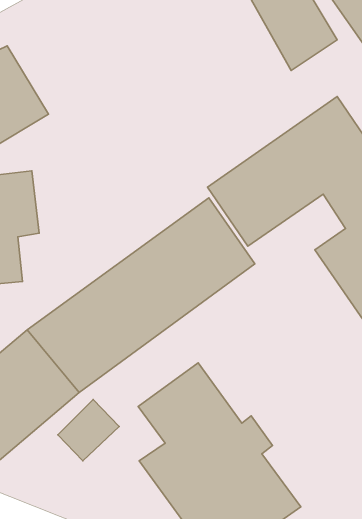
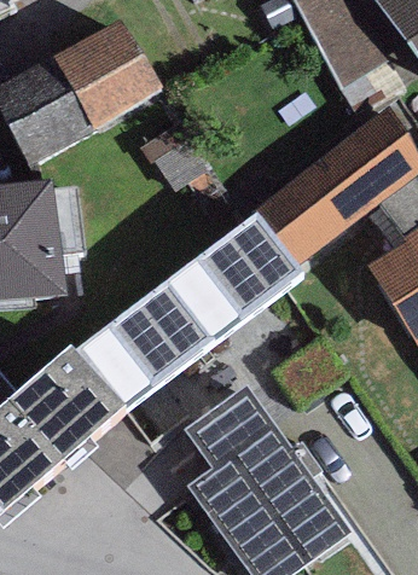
building: none -> [50,16,162,127]

